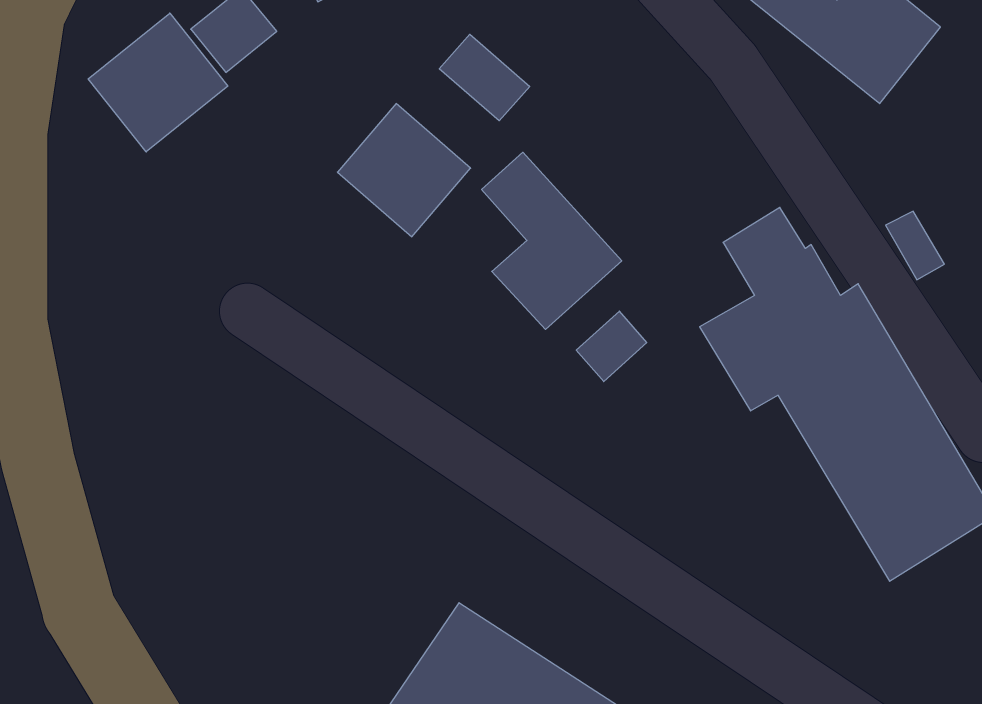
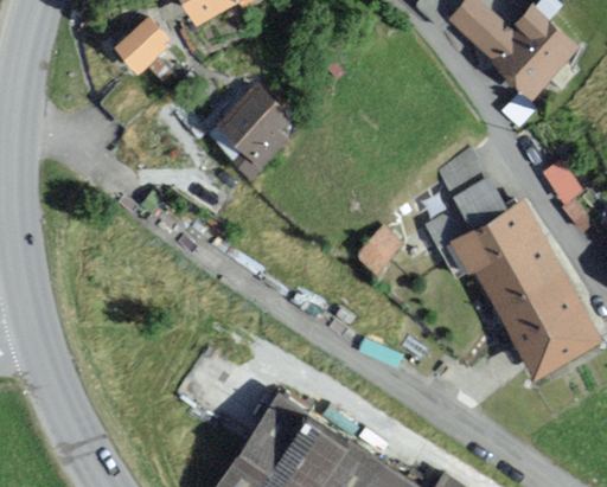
building: [88,13,228,152] -> none
building: [439,34,530,121] -> none
building: [482,152,622,329] -> none

